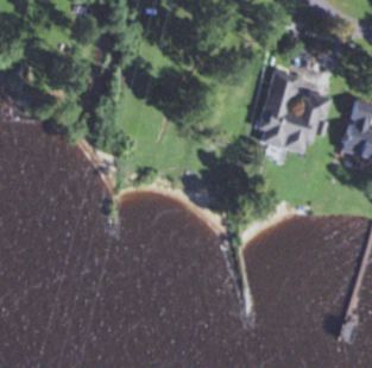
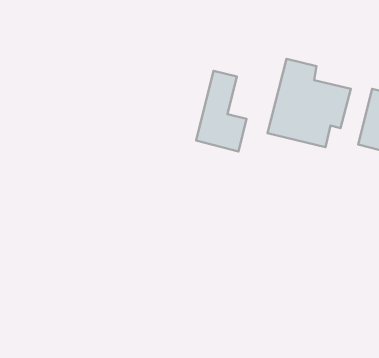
building: none -> [196,71,247,151]

